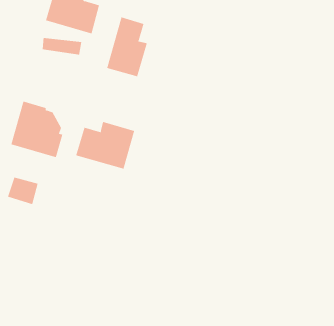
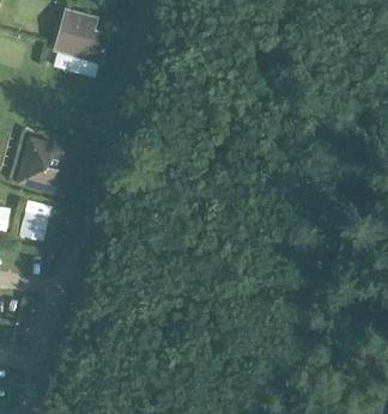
building: [106,17,147,77] -> none
building: [75,121,135,170] -> none

